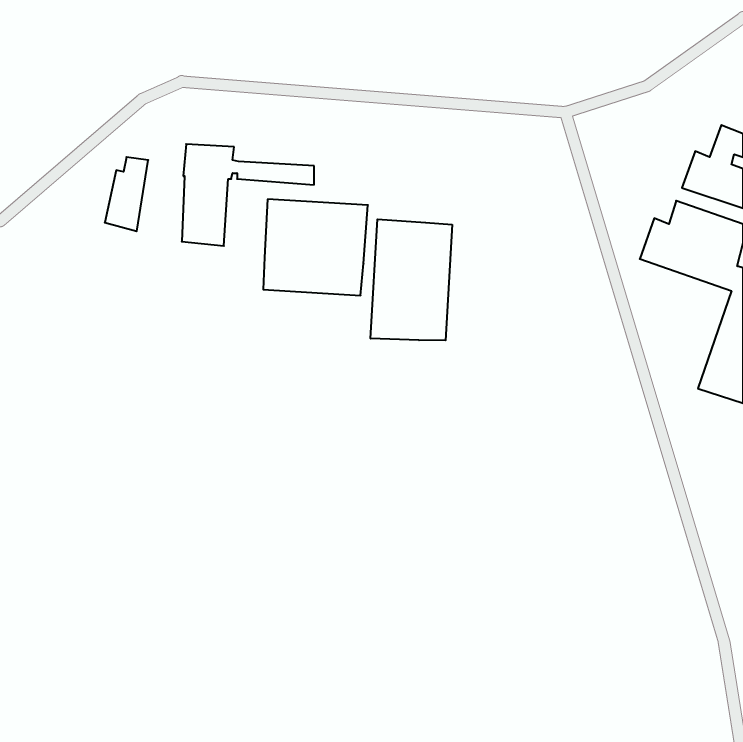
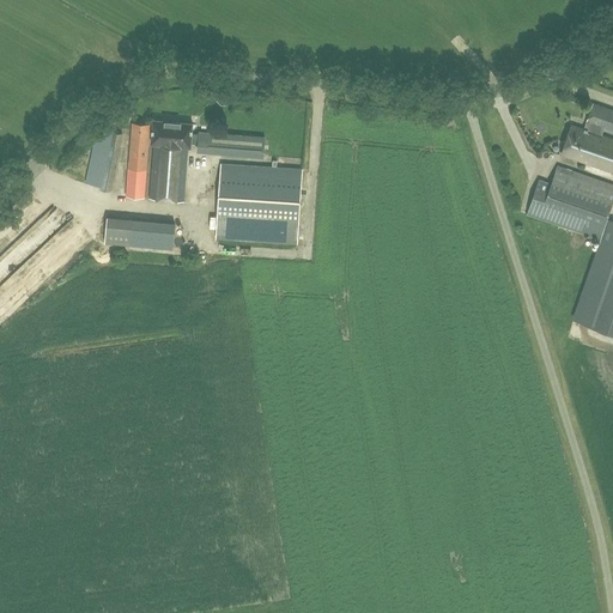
building: none -> [127,122,151,198]
building: [371,219,452,340] -> none
building: none -> [105,217,176,249]

